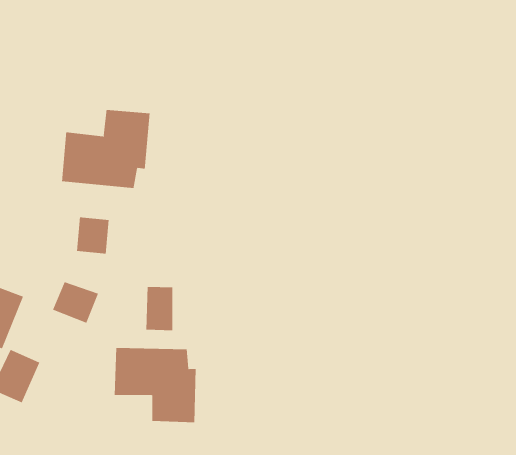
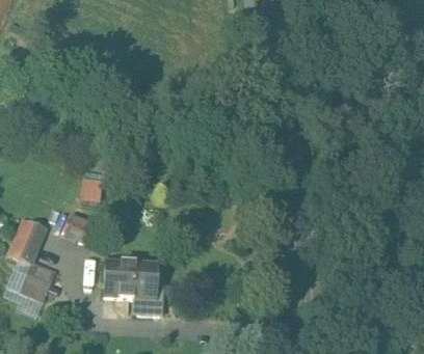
building: [62,109,150,189] -> none
building: [146,286,173,331] -> none

